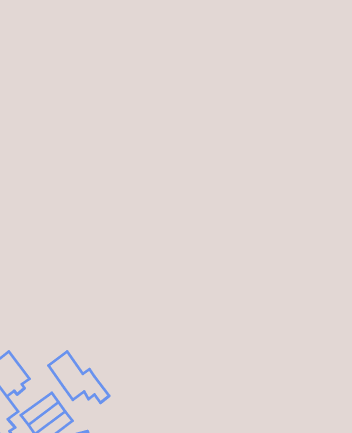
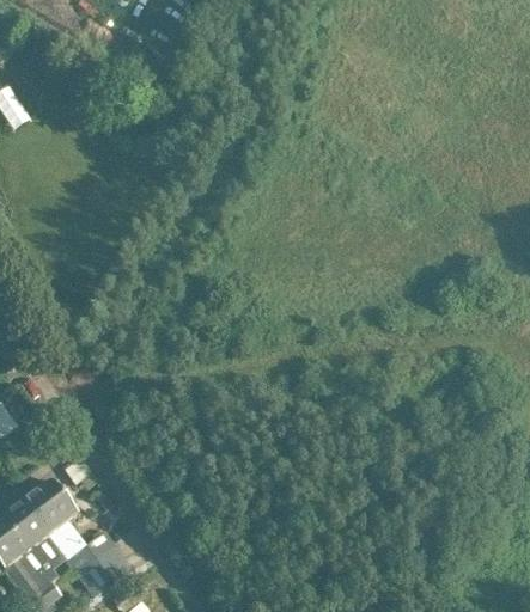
building: [49,352,109,403] -> none

